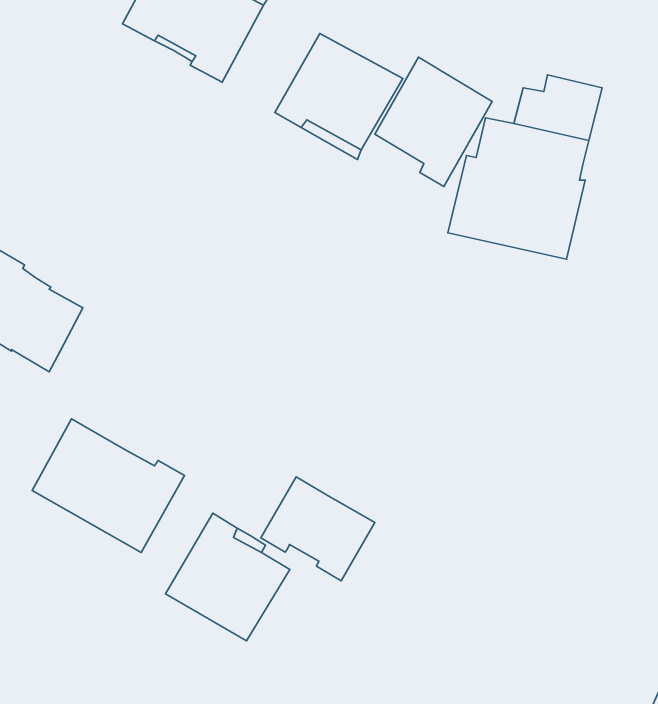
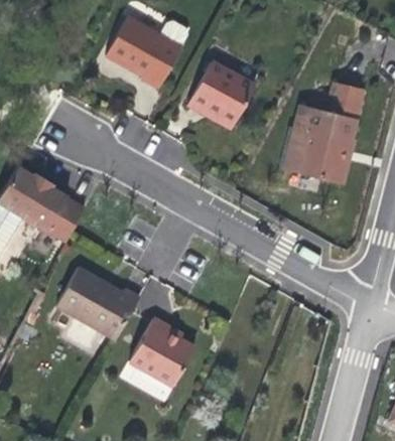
building: [375,57,492,186] -> none
building: [261,477,375,581] -> none

